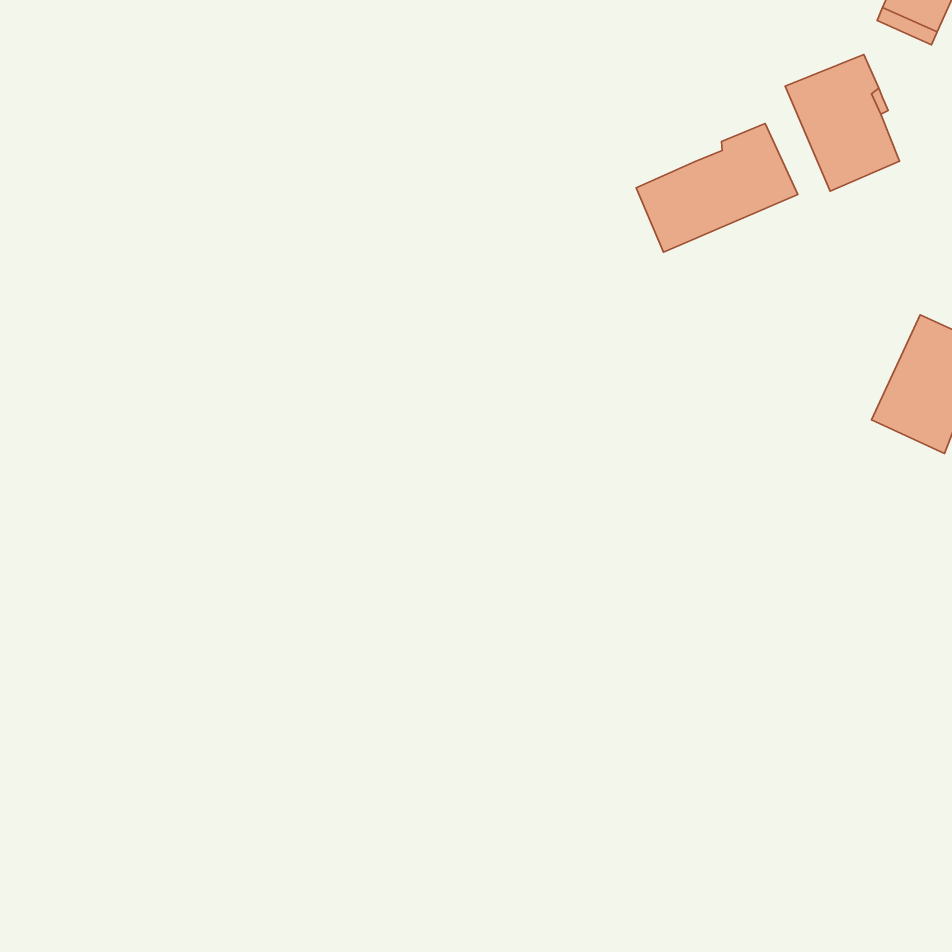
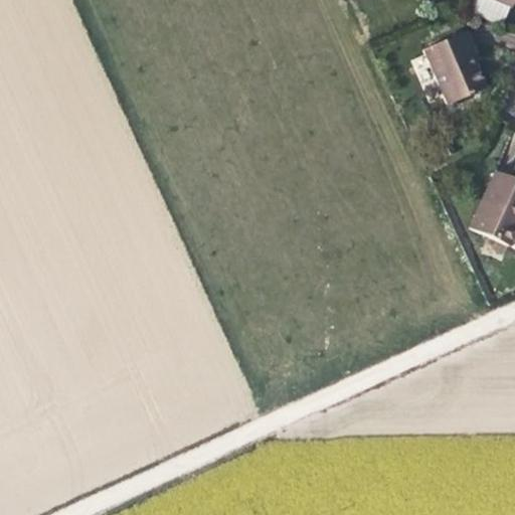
building: [636,123,798,252] -> none

